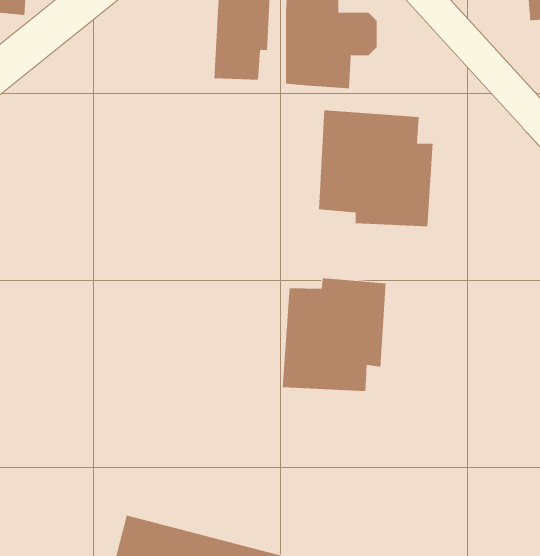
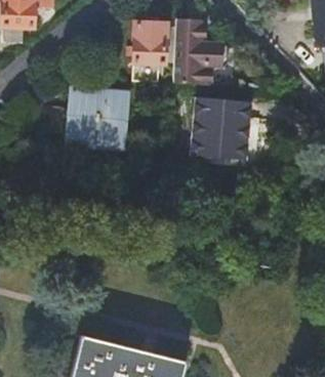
building: none -> [70,90,127,149]
building: [282,278,386,392] -> none

